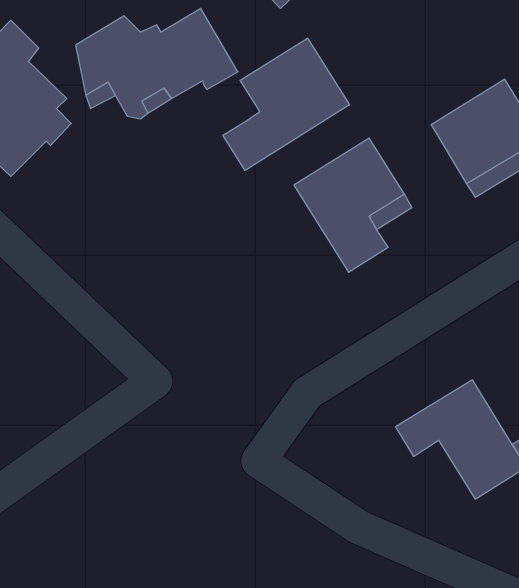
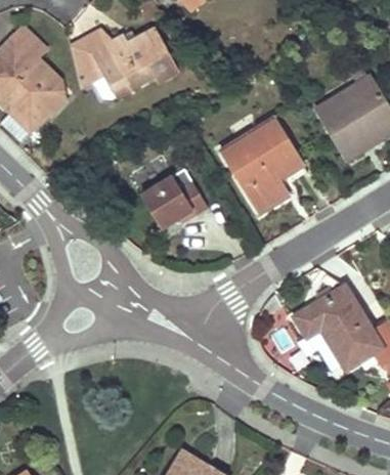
building: [223,38,350,170] -> none
building: none -> [140,176,205,226]

